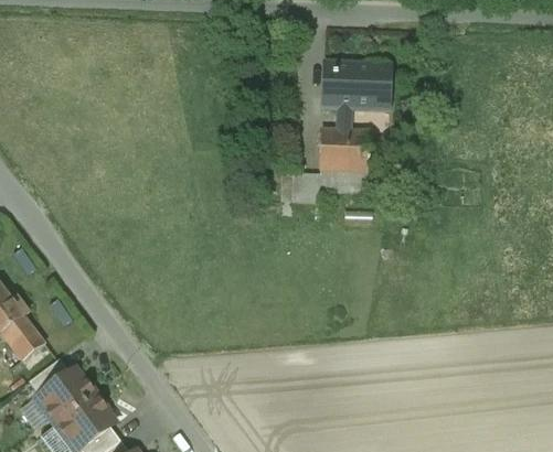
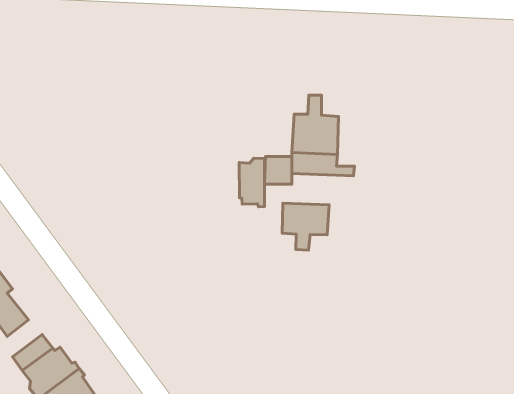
building: [322,61,390,110] -> none
building: none -> [239,158,264,207]
building: none -> [282,203,329,250]

